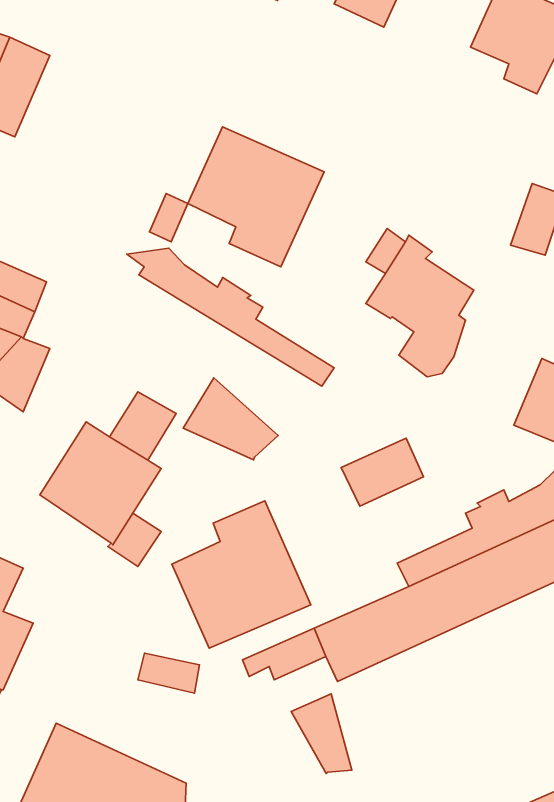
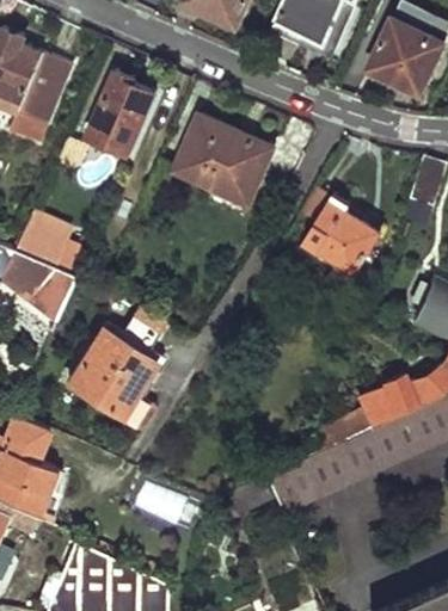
building: none -> [85,70,155,155]
building: [127,248,334,386] -> none
building: [183,378,278,460] -> none
building: [341,438,424,506] -> none
building: [172,501,311,648] -> none
building: [291,694,352,773] -> none

